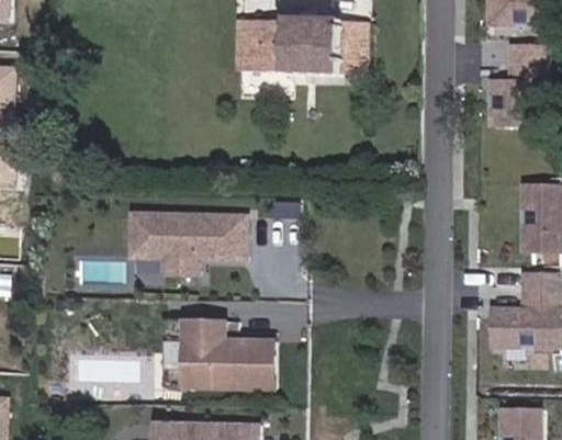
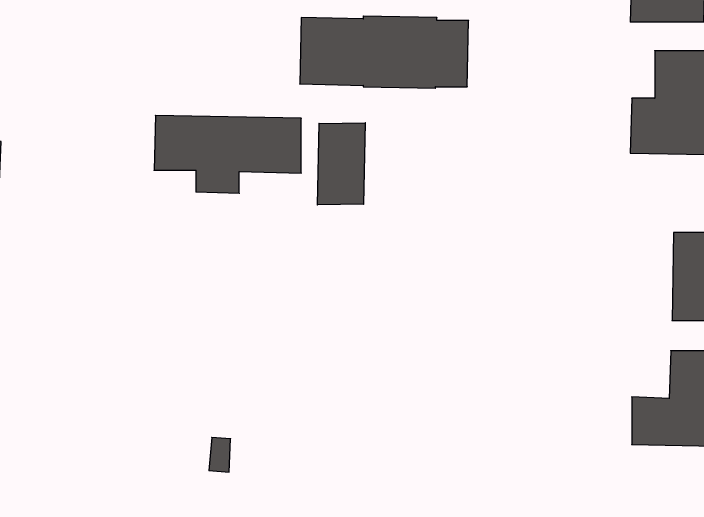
building: none -> [317,123,365,205]
building: [135,214,247,273] -> [154,115,301,193]
building: [186,319,276,387] -> none

